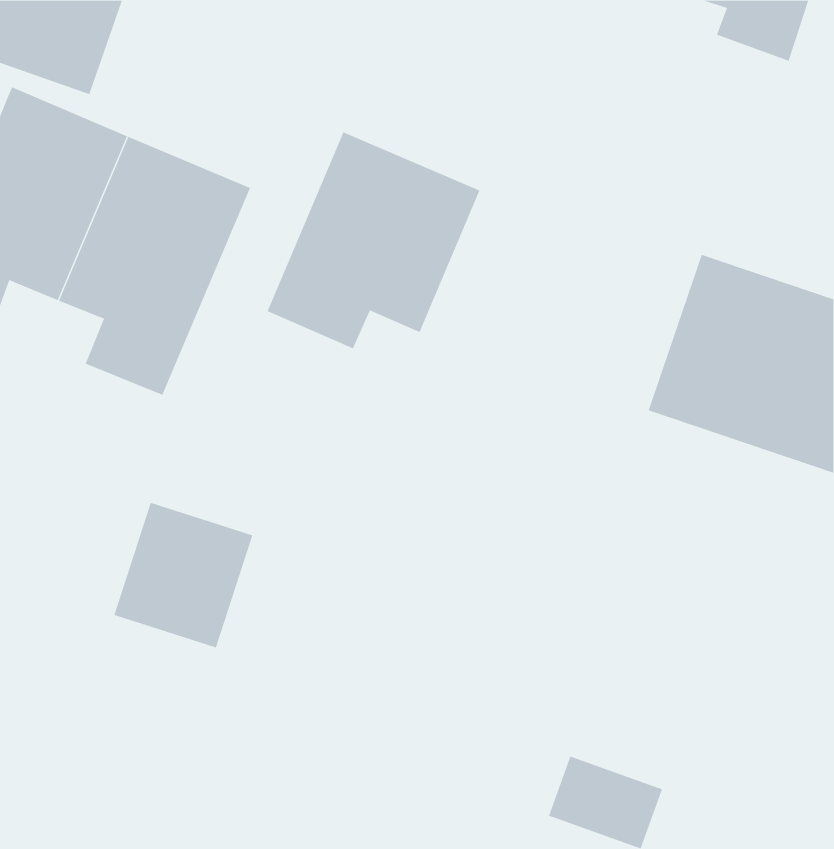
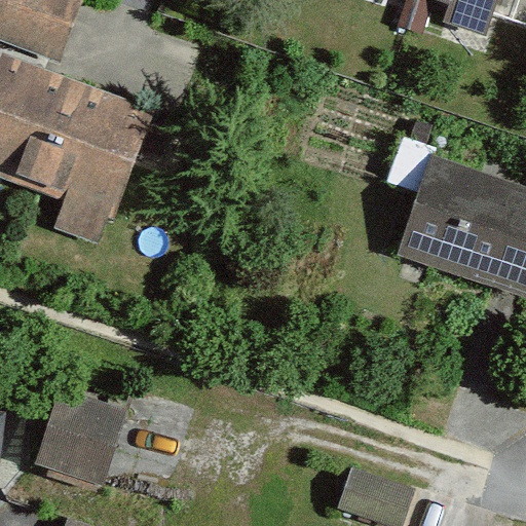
building: [267,132,480,349] -> none
building: [114,502,253,648] -> [36,389,122,480]

